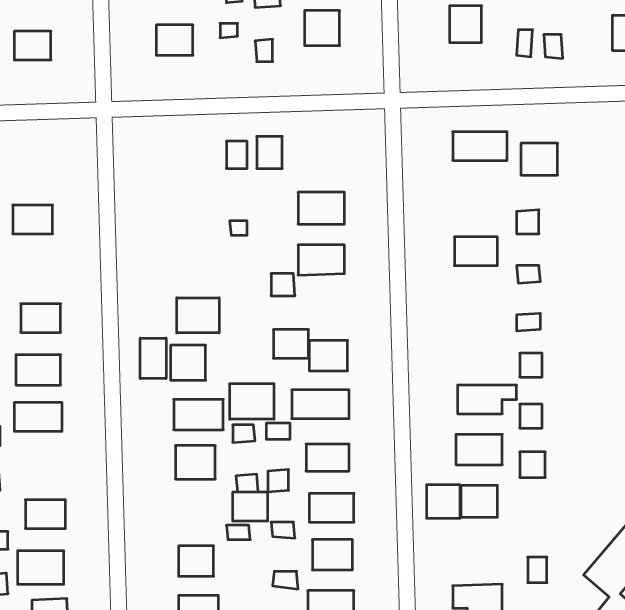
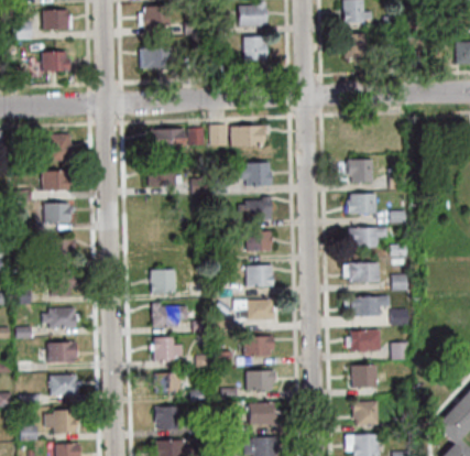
building: none -> [231,126,264,146]
building: none -> [152,129,186,149]
building: [521,143,558,175] -> [348,160,373,182]
building: none -> [48,134,72,161]
building: none -> [147,171,176,191]
building: none -> [44,204,72,222]
building: none -> [348,228,389,248]
building: [177,298,219,333] -> none
building: [273,330,309,358] -> [247,231,271,251]
building: none -> [343,263,380,283]
building: [140,338,166,379] -> none
building: [230,384,274,419] -> none
building: none -> [47,343,76,362]
building: [427,485,460,518] -> [353,402,376,425]
building: [233,492,268,521] -> [156,373,181,393]

